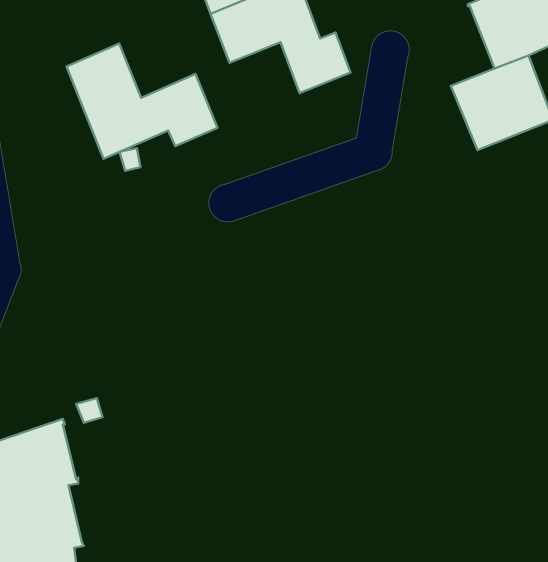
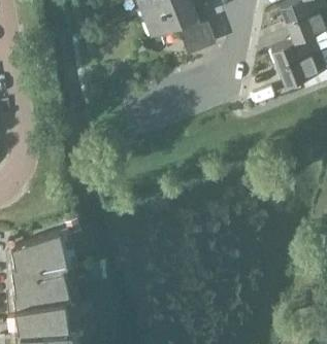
building: [66,44,218,159] -> none

